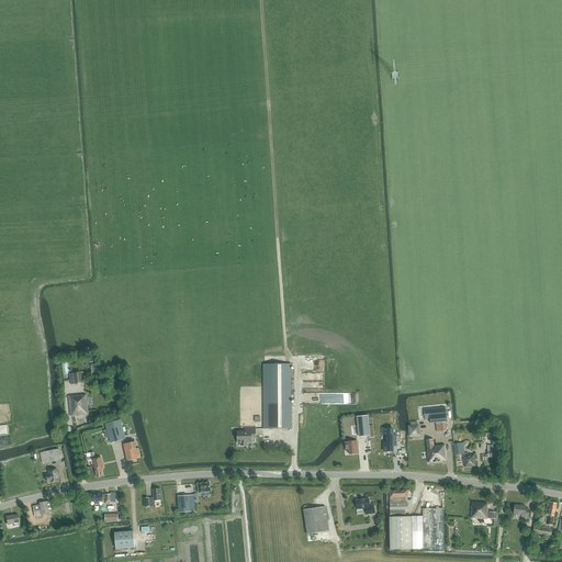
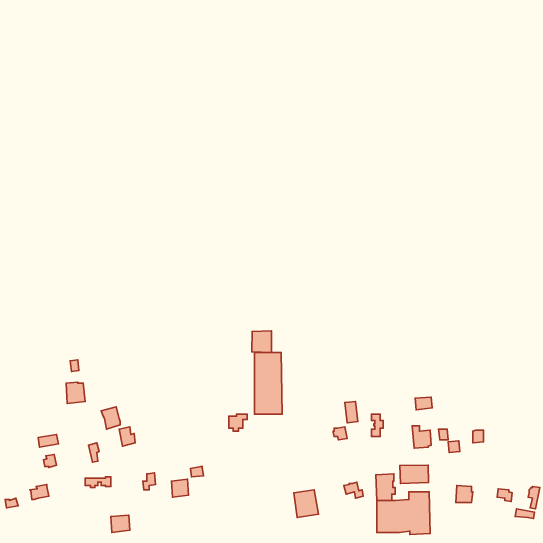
building: none -> [252,331,271,352]
building: none -> [400,465,428,484]

